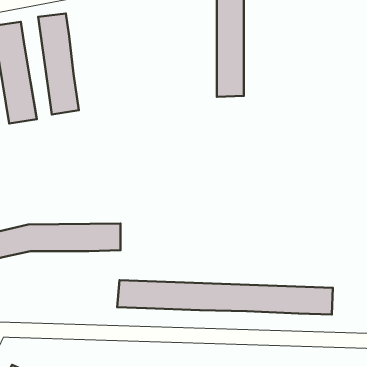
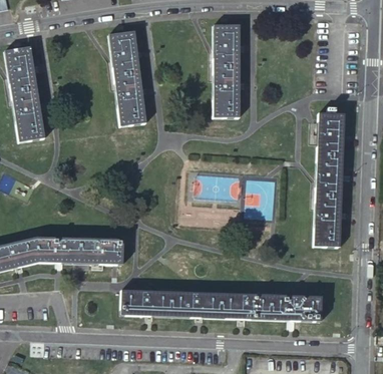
building: [38,14,79,114] -> [108,33,146,127]
building: none -> [312,112,344,247]

